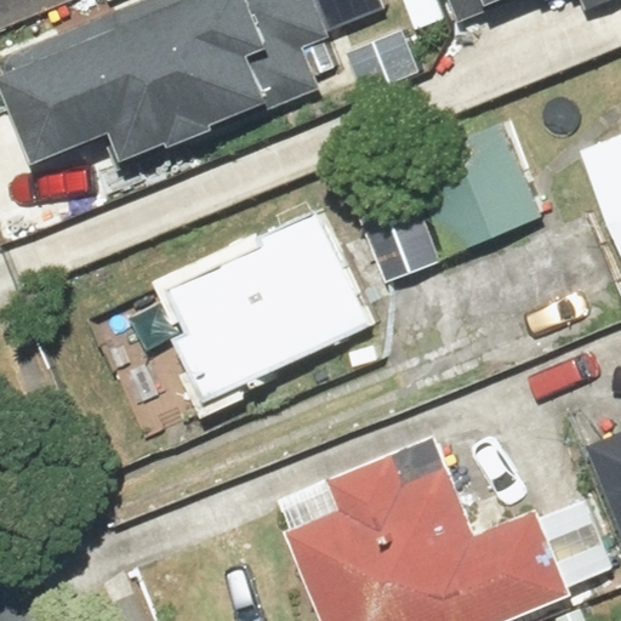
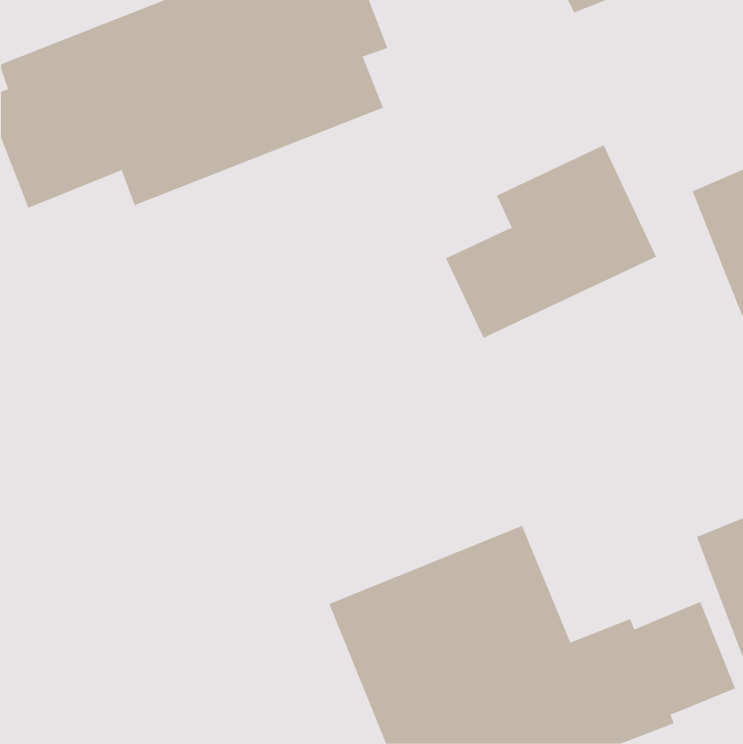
building: [159,212,376,405] -> none

